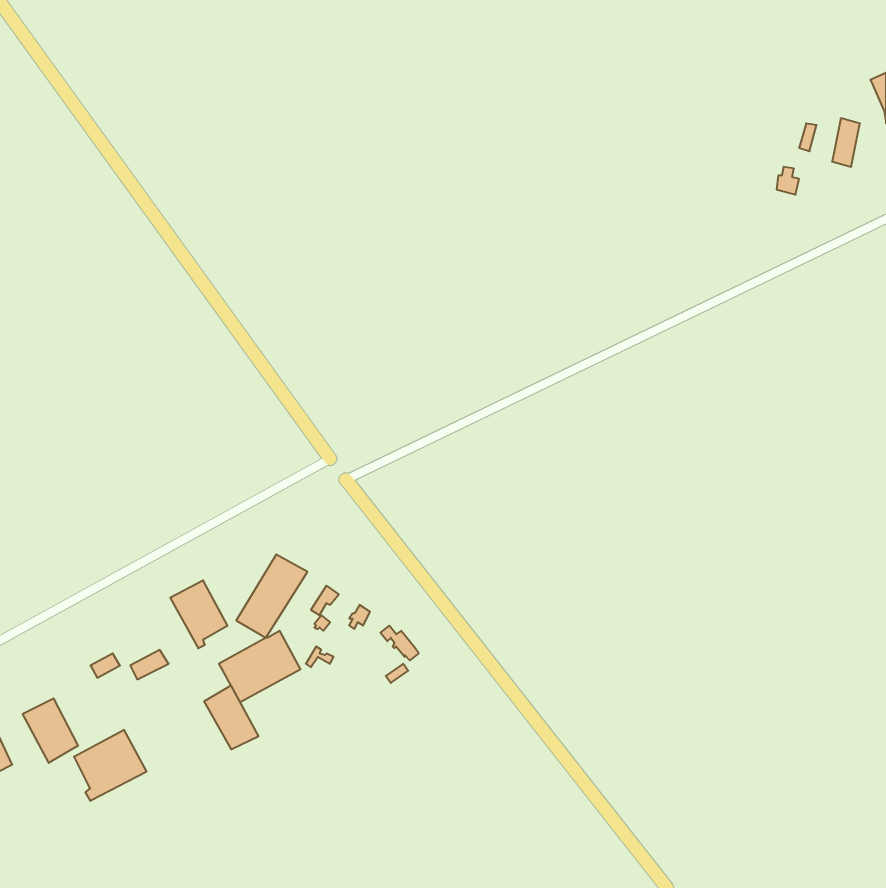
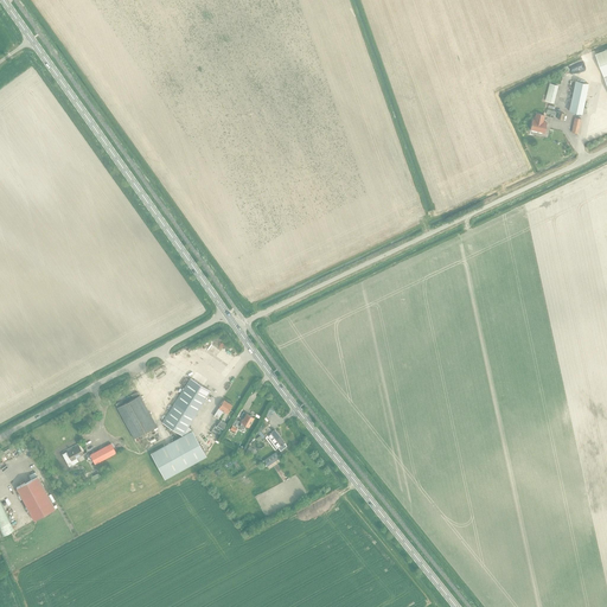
building: [204,686,258,749] -> none
building: [74,730,147,801] -> none

